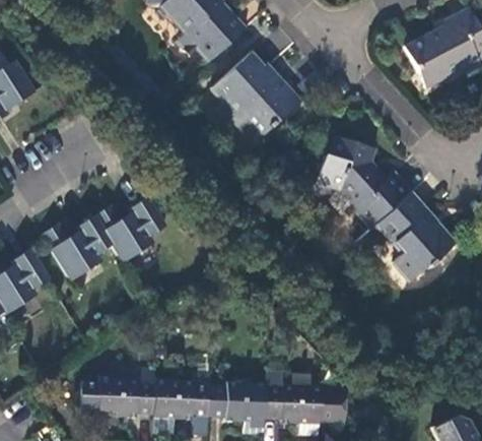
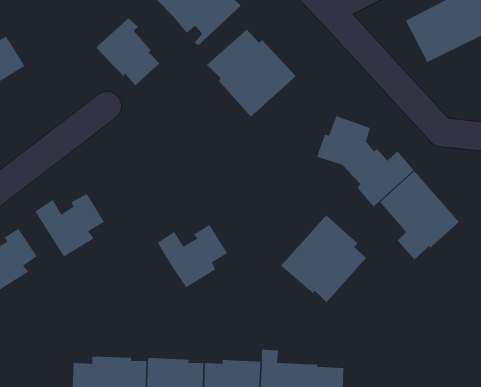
building: none -> [96,18,160,86]
building: [94,197,164,260] -> [157,224,228,288]
building: none -> [280,214,367,303]

